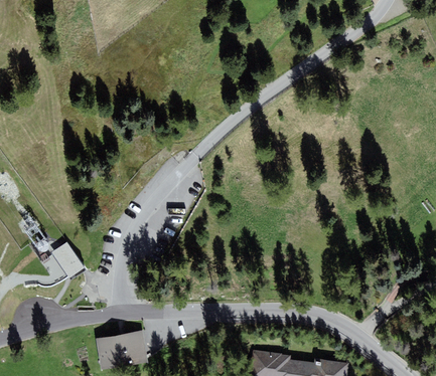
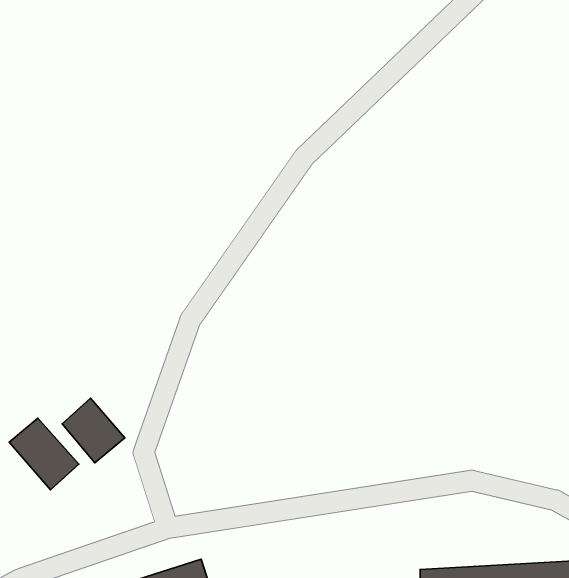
building: none -> [62,398,125,463]

